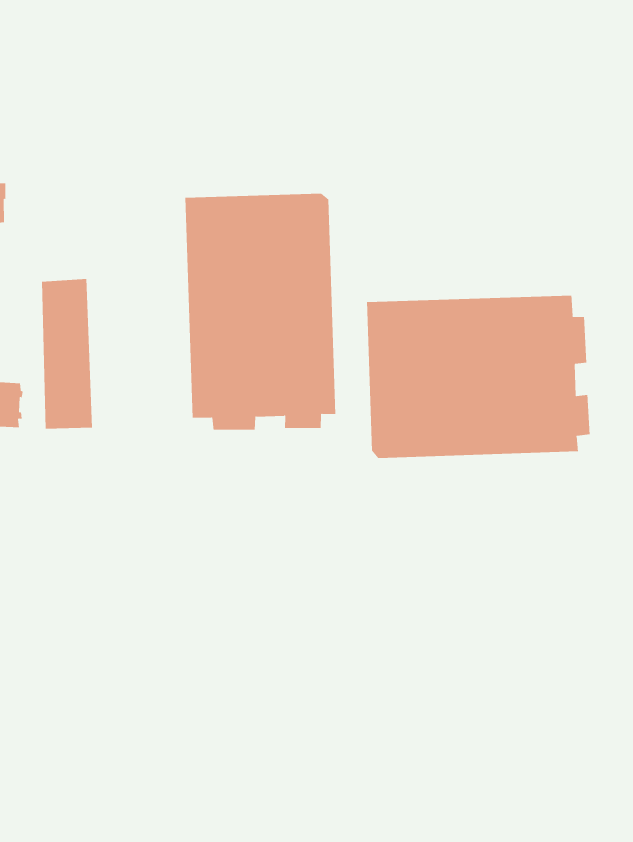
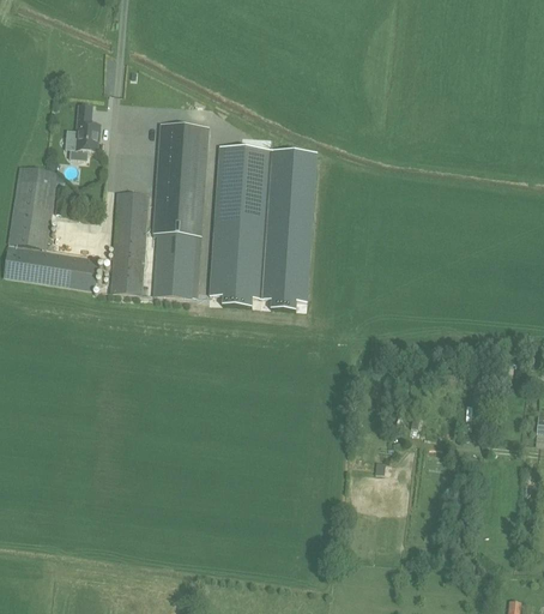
building: none -> [152,124,208,296]
building: [367,295,590,459] -> none

